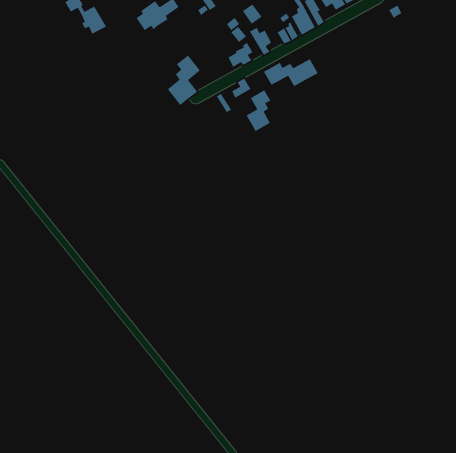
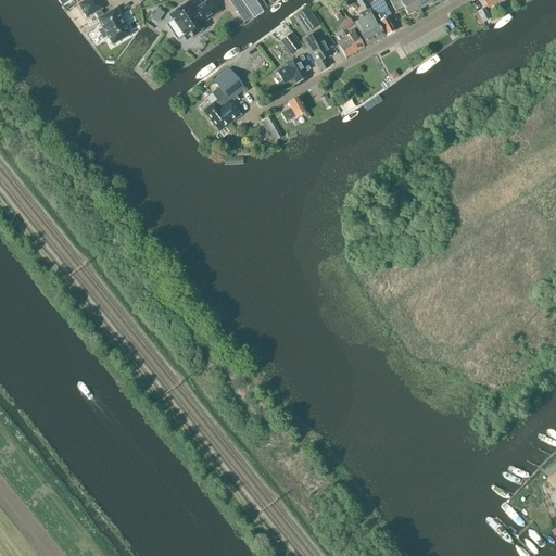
building: [263,58,319,87] -> none
building: [246,89,271,132] -> none

